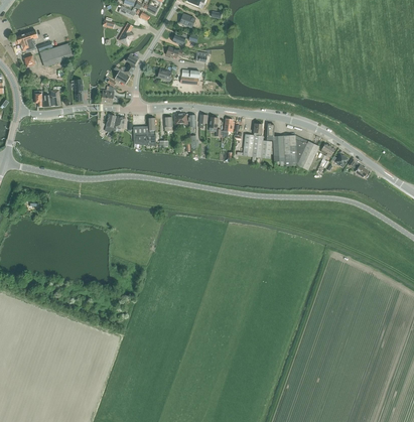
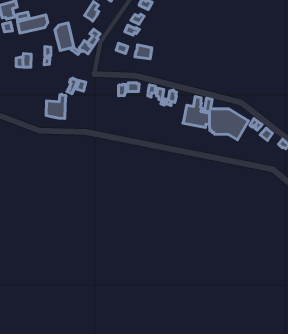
building: none -> [55,23,74,51]
building: [133,117,156,145] -> [46,94,66,119]

